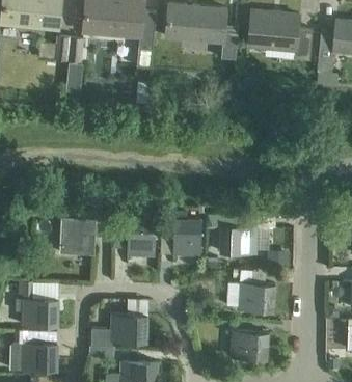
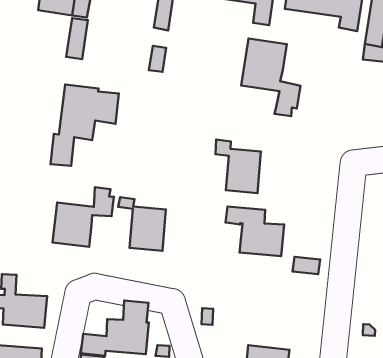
building: none -> [241,38,300,116]
building: none -> [51,85,119,166]
building: [162,213,200,256] -> [215,139,261,193]
building: [224,284,274,312] -> none

